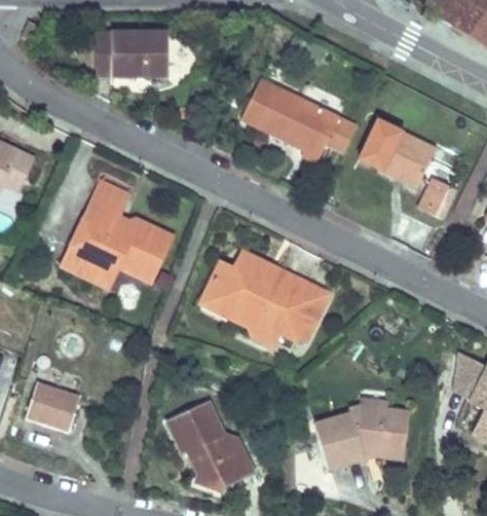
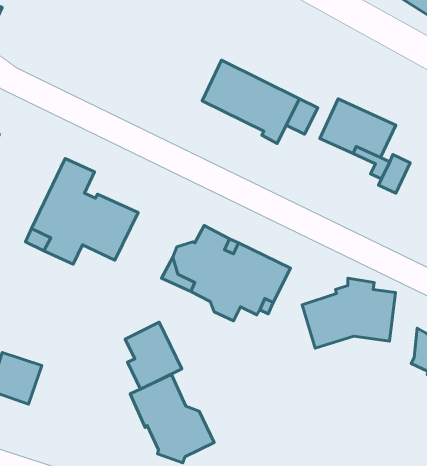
building: [95,28,167,77] -> none
building: none -> [125,322,182,389]
building: [316,395,411,466] -> [302,278,395,348]

